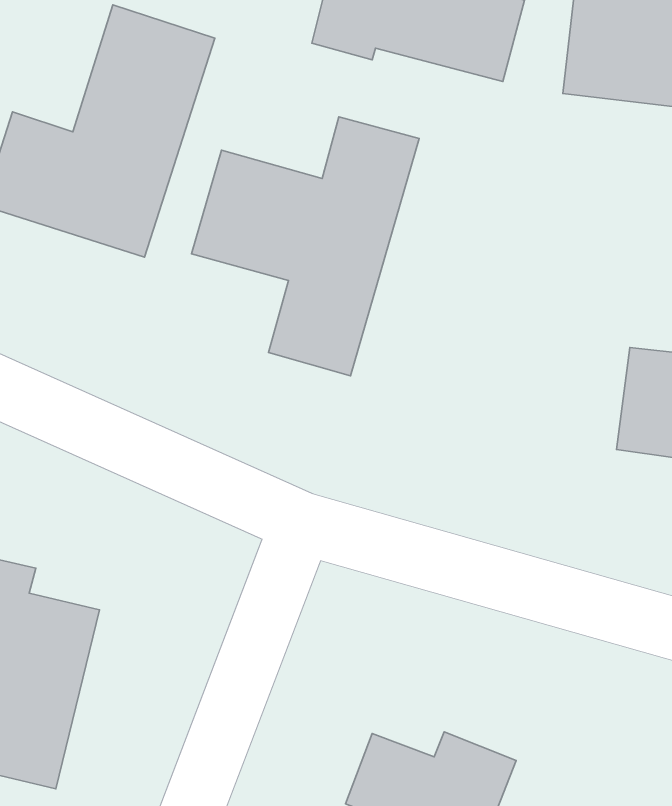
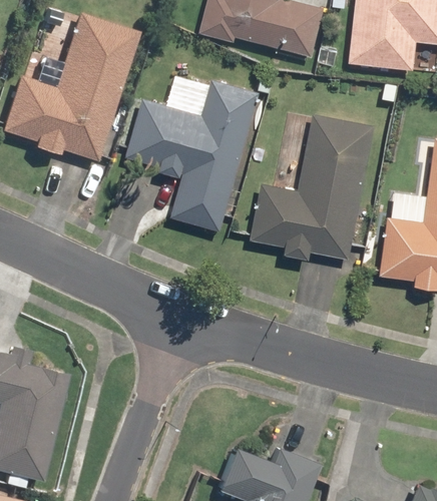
building: none -> [251,113,377,261]

